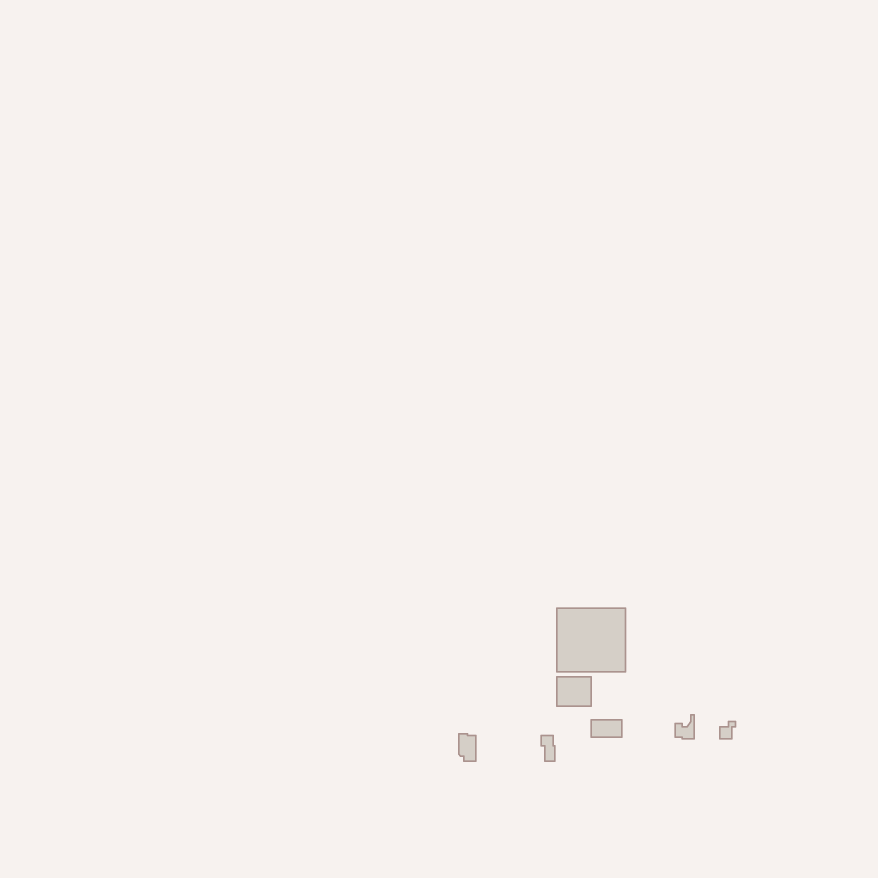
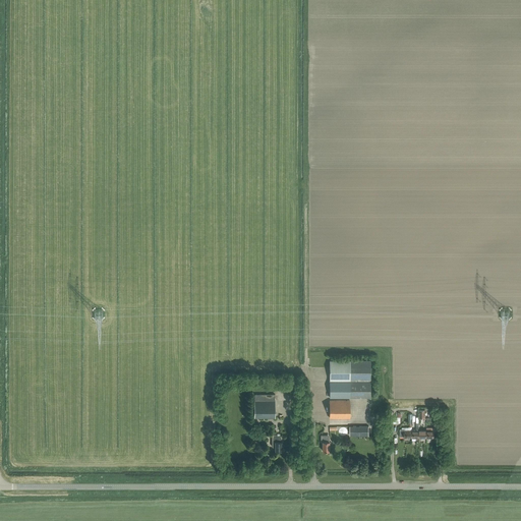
building: none -> [254,394,275,418]

